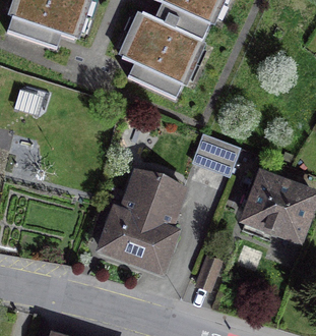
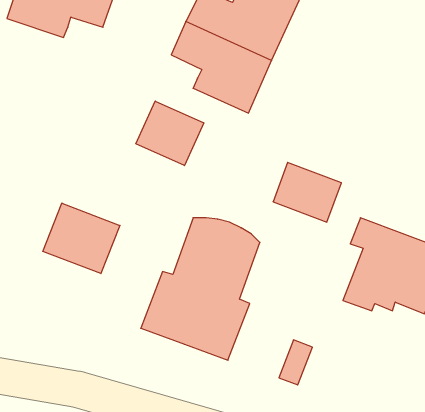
building: none -> [136,101,204,166]
building: none -> [43,203,120,274]

